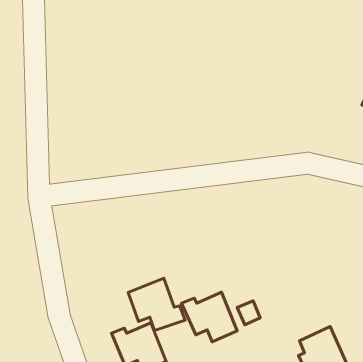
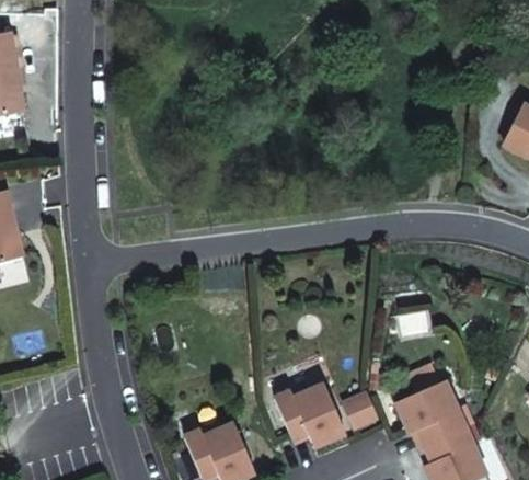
building: [128,278,185,330] -> none
building: none -> [394,380,463,446]

